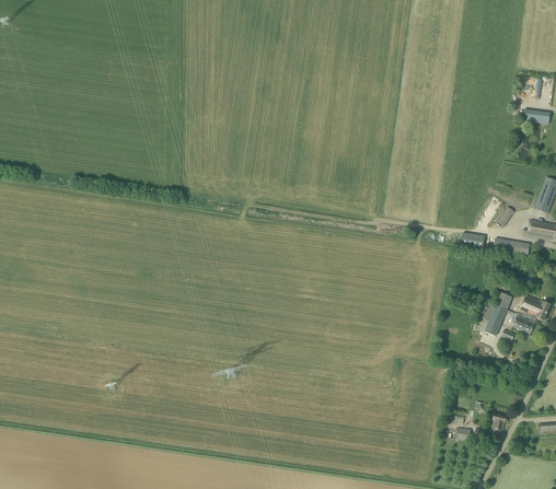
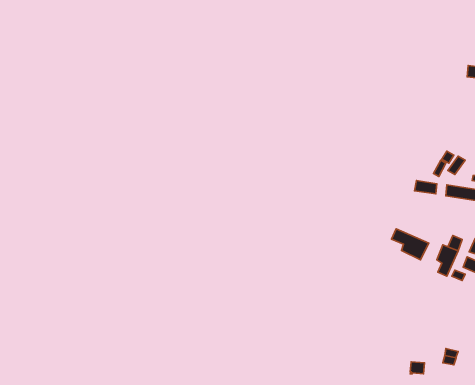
building: none -> [392,229,429,260]

